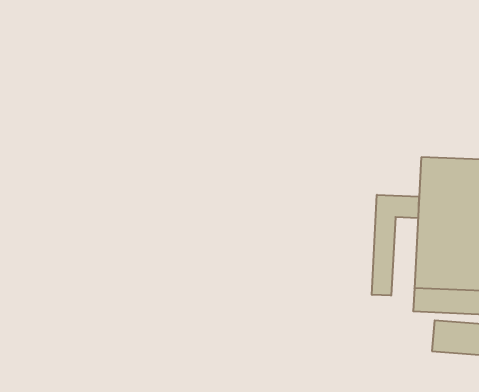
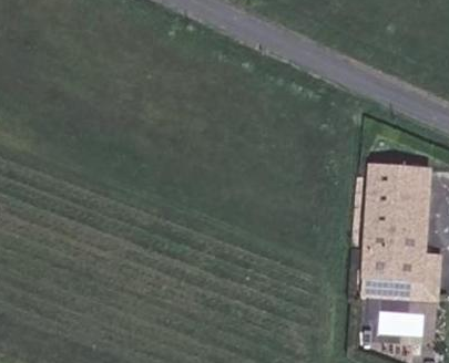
building: [372,195,419,296] -> none

